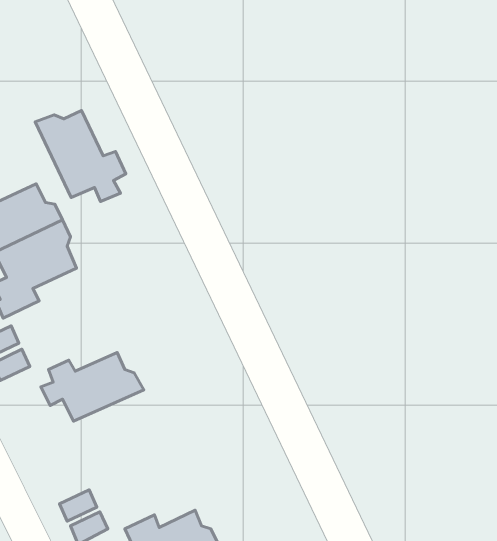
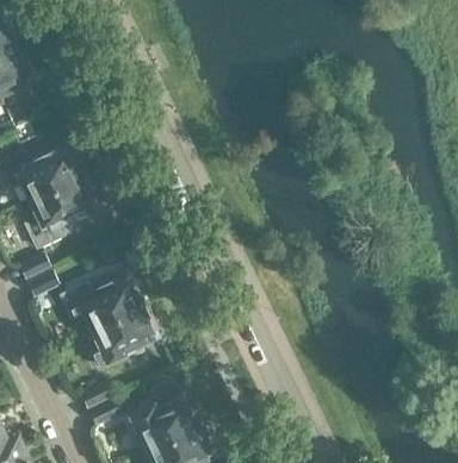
building: [35,111,126,202] -> none
building: none -> [88,304,153,365]

